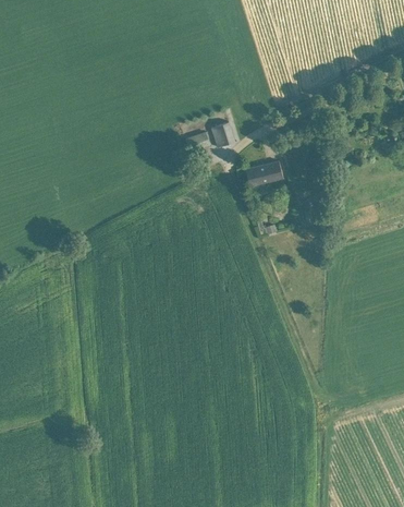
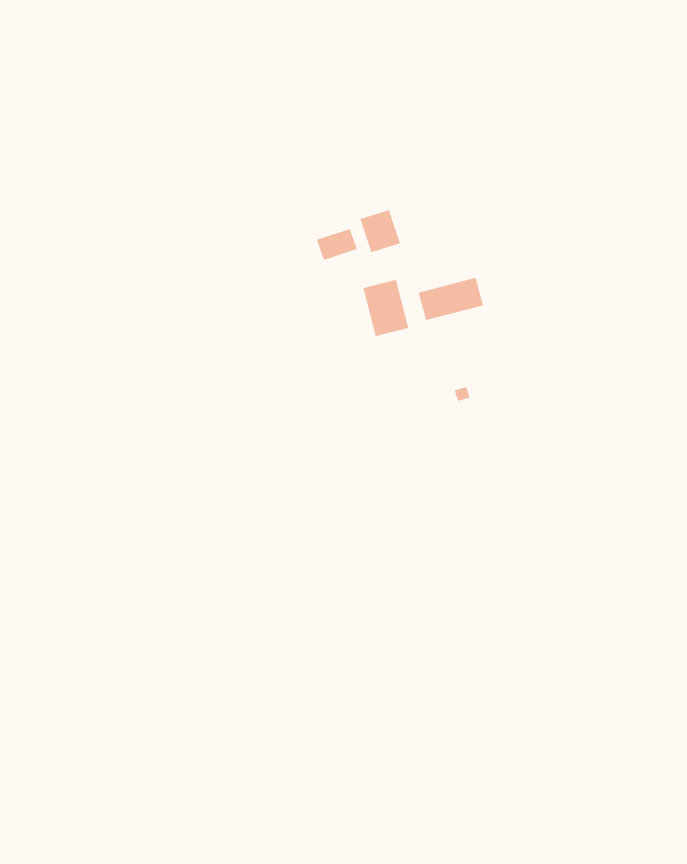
building: none -> [363,279,409,337]

